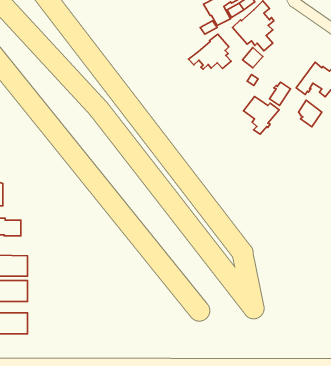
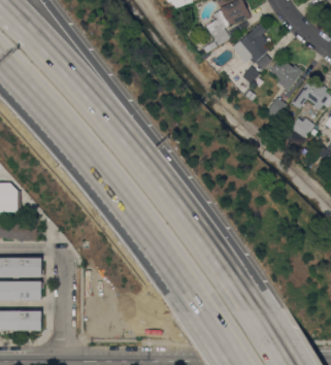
building: [189,34,231,69] -> none
building: [243,96,279,134] -> [270,59,303,94]

